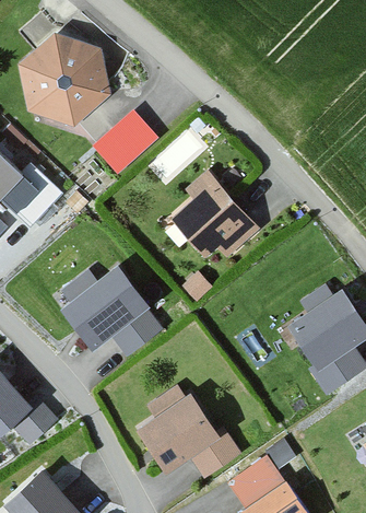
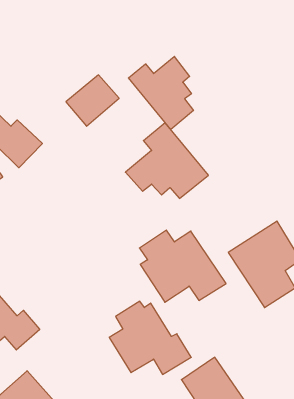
building: [16,37,110,131] -> none
building: none -> [128,56,193,129]
building: [57,265,162,352] -> [139,230,226,302]

